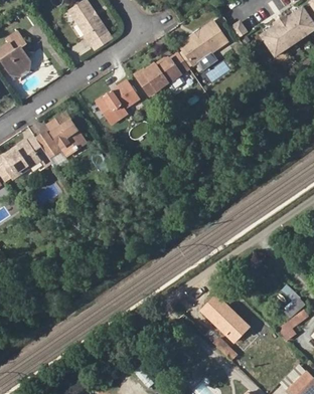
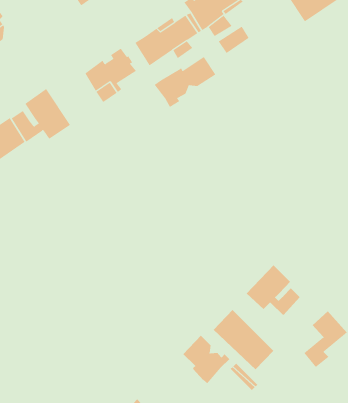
building: none -> [154,56,216,108]
building: none -> [246,264,301,316]
building: none -> [182,335,230,384]

